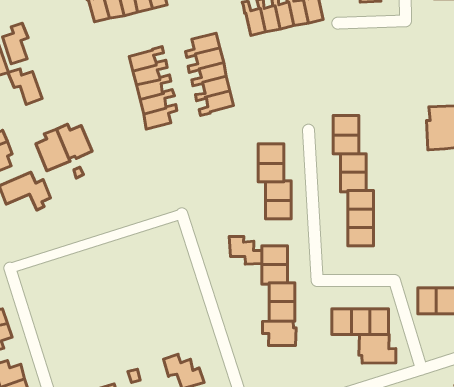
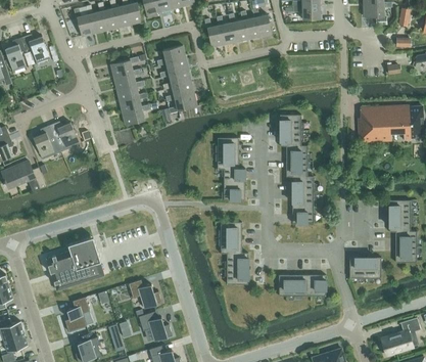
building: [8,69,42,105] -> [21,34,50,63]
building: [229,237,262,264] -> none
building: none -> [46,236,104,290]
building: none -> [129,279,161,308]
building: [262,321,296,346] -> none
building: [359,335,396,363] -> none
building: none -> [65,297,90,331]

